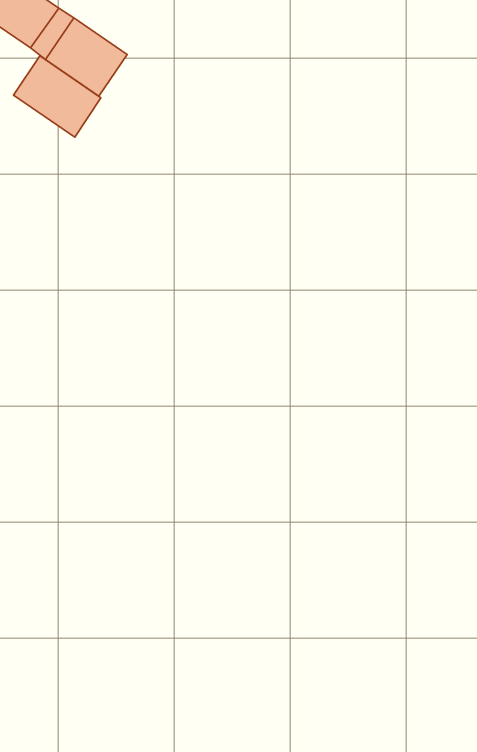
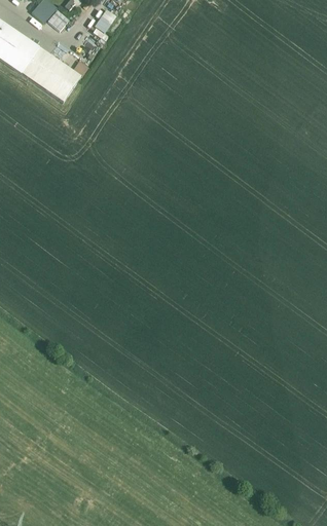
building: [14,56,101,137] -> none

